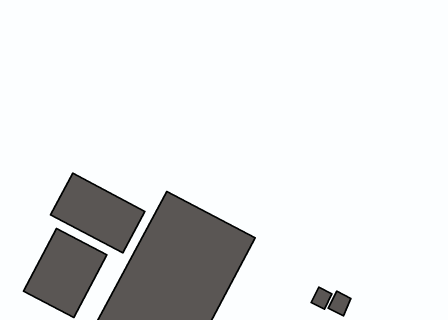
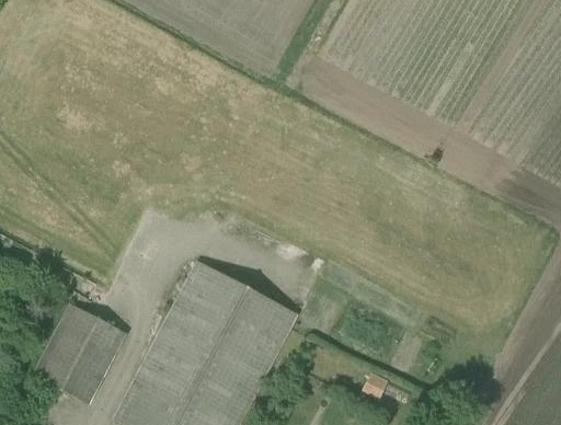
building: [51,173,145,253] -> none

